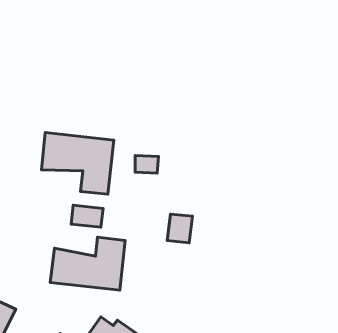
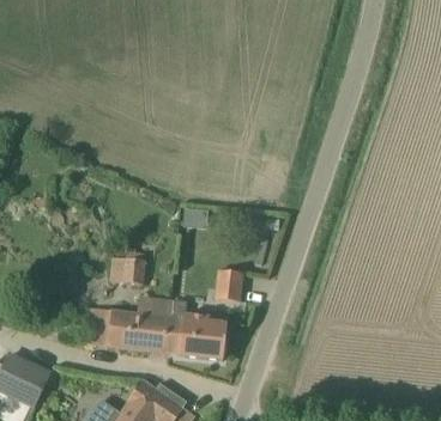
building: [41,132,114,194] -> none
building: none -> [163,298,226,359]

